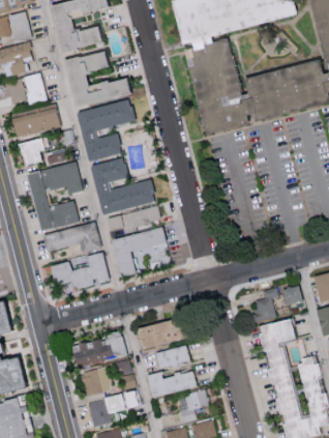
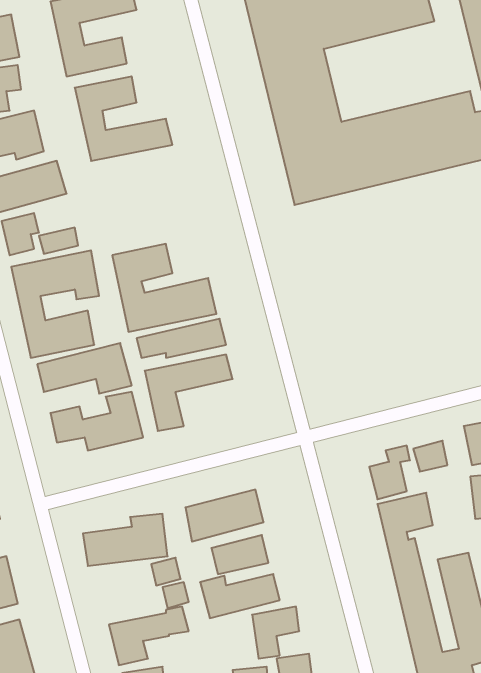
building: [77,100,134,162] -> none
building: [82,366,114,395] -> none

